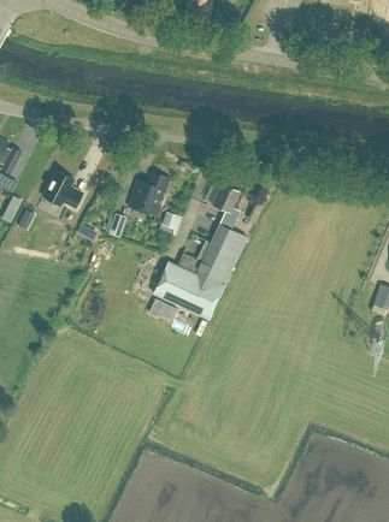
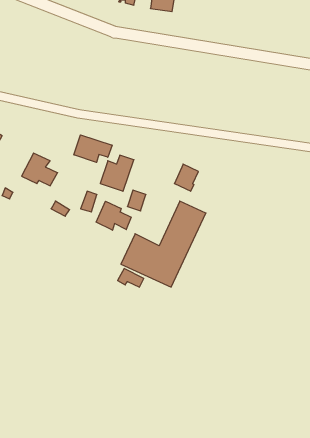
building: none -> [74,135,112,162]
building: none -> [96,201,131,230]

